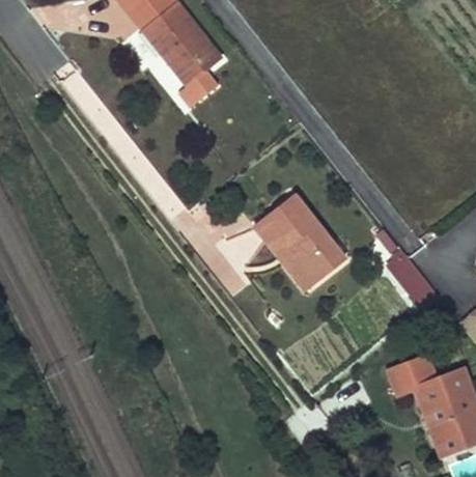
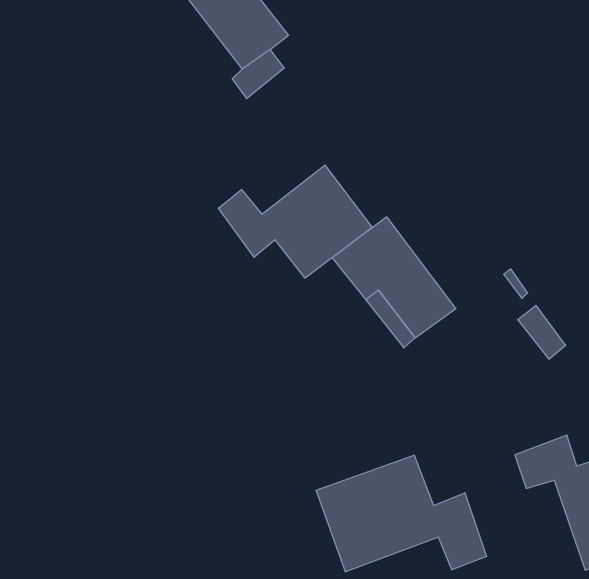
building: none -> [218,165,372,278]
building: none -> [316,455,487,572]

